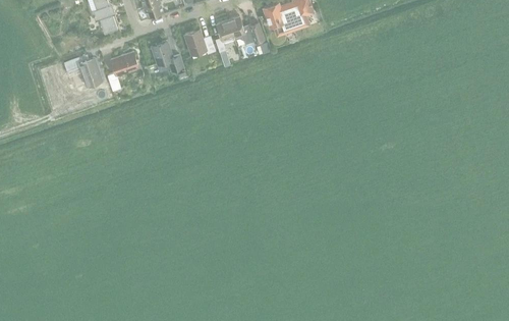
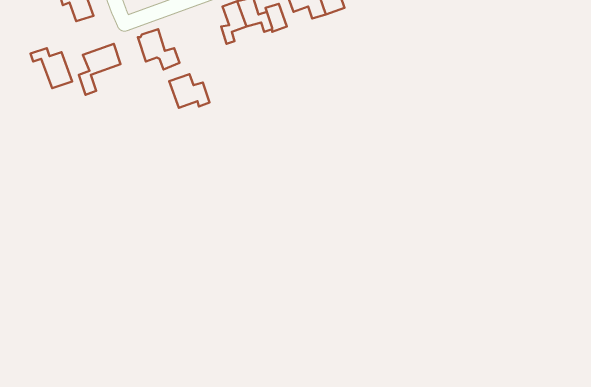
building: [183,29,214,54] -> [169,74,210,108]

